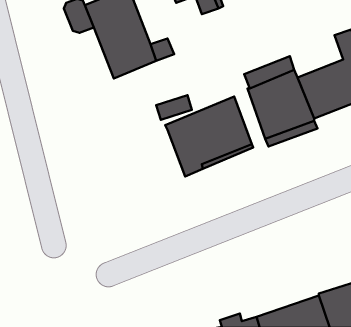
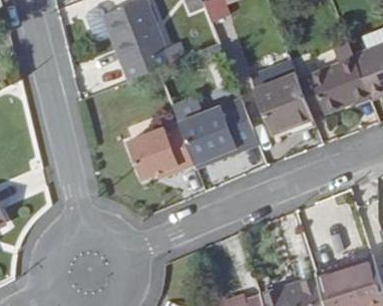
building: none -> [126,126,195,180]

